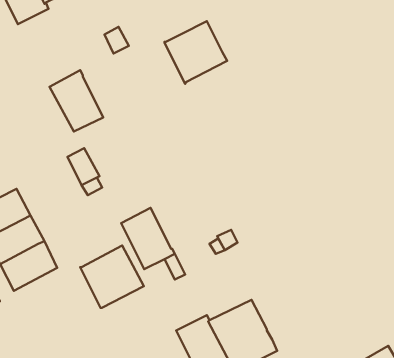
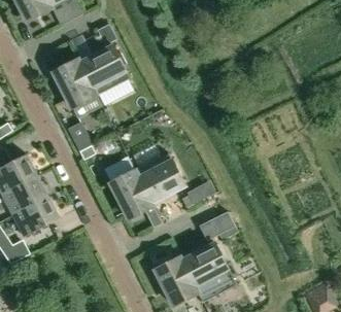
building: [165,21,227,84] -> [78,46,129,97]
building: [80,245,144,308] -> [133,152,184,203]
building: none -> [198,210,238,241]

